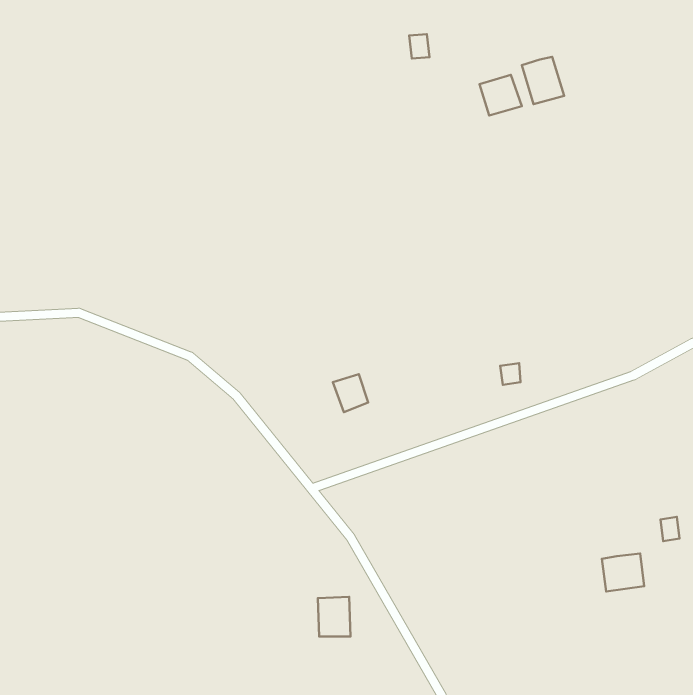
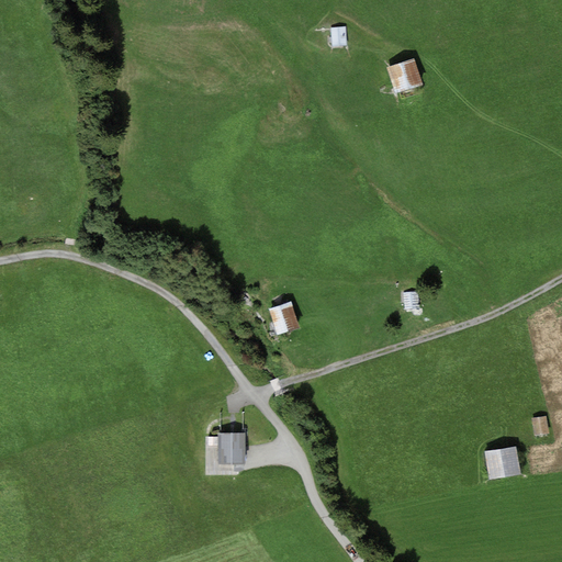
building: [522,57,564,104] -> none
building: [318,597,351,636] -> [220,431,246,463]

